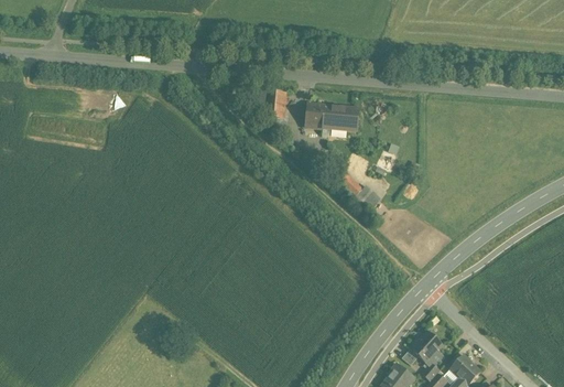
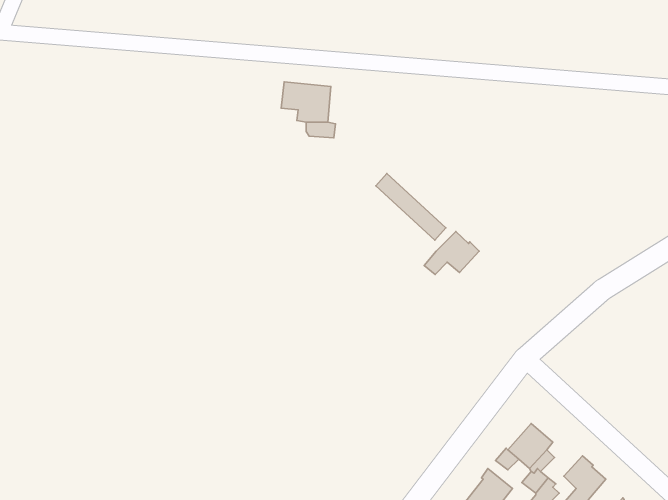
building: [306,104,358,130] -> none
building: none -> [424,232,479,275]

